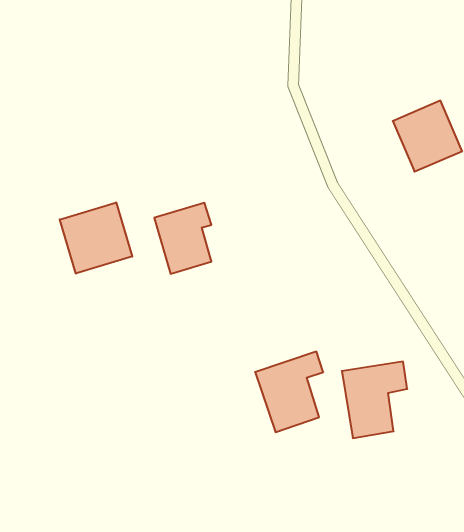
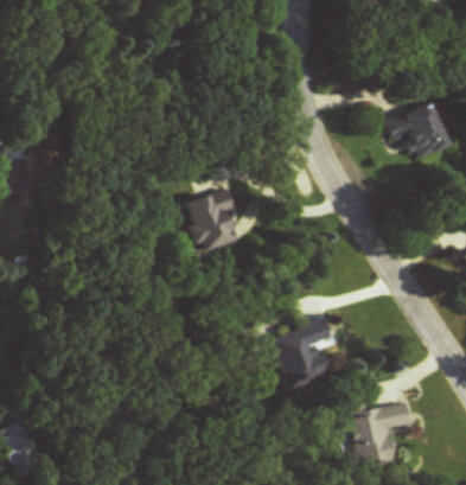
building: [60,202,132,274] -> none
building: [342,362,407,438] -> [350,402,407,468]

